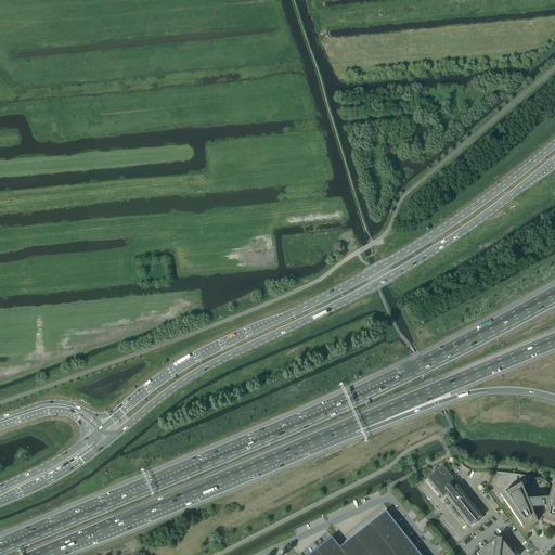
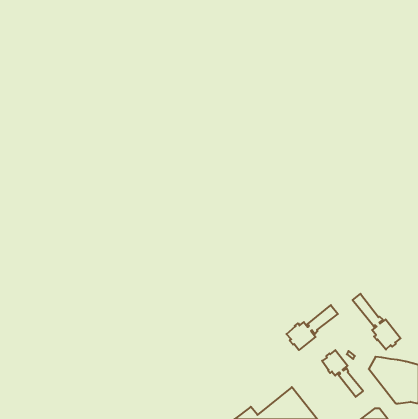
building: none -> [353,294,401,350]
building: none -> [286,305,338,350]

